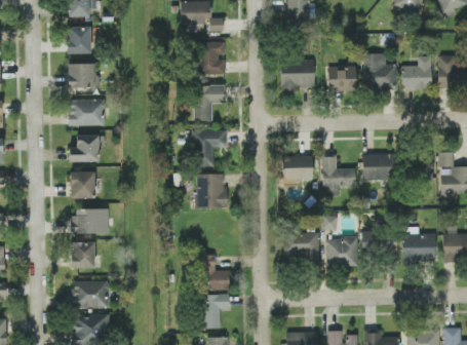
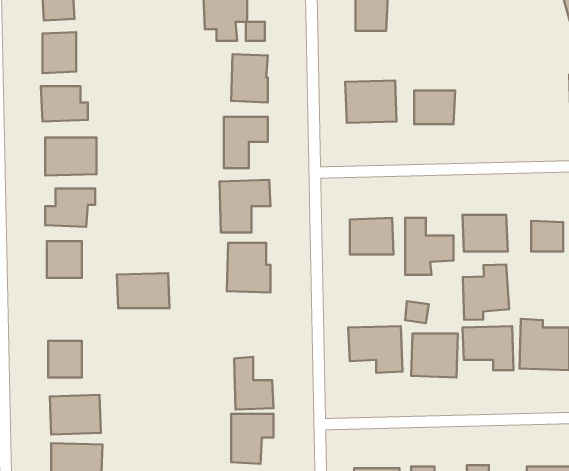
building: [362,53,396,90] -> none
building: [401,56,431,89] -> none
building: none -> [463,265,509,320]
building: [72,208,109,233] -> [117,273,169,308]

